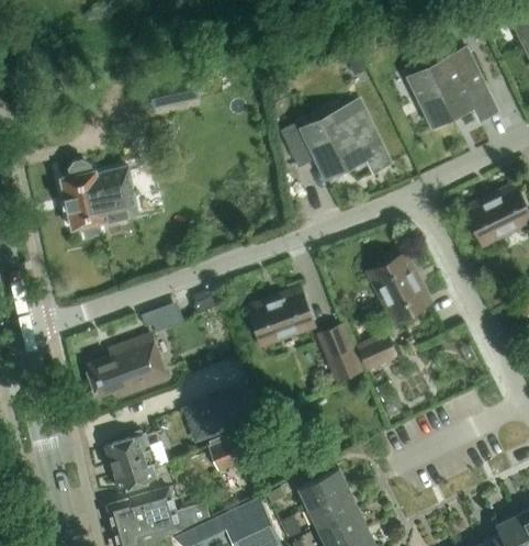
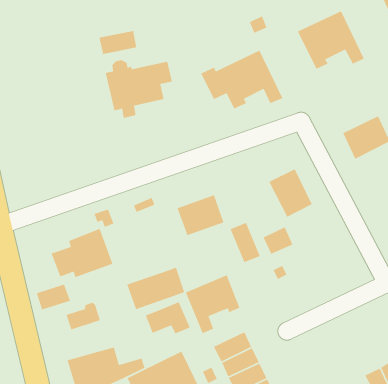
building: [60,161,149,239] -> [105,59,173,119]
building: none -> [185,274,240,334]
building: [112,456,158,491] -> [36,284,71,311]

